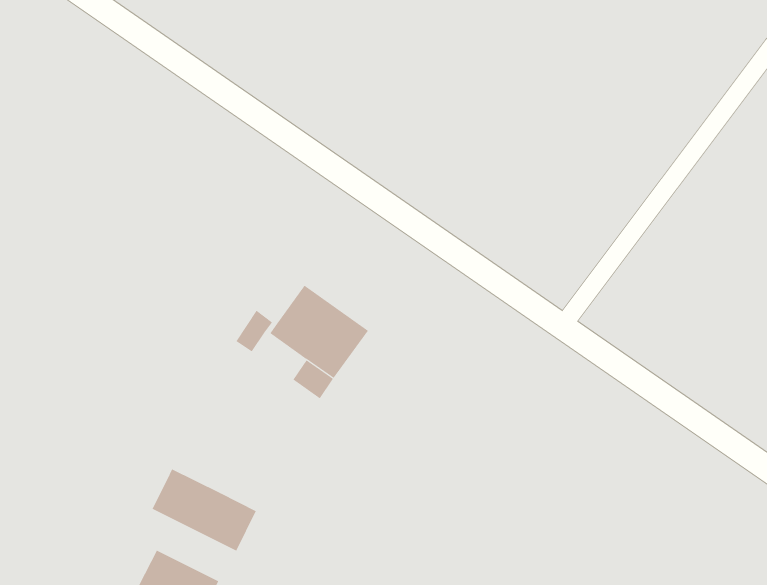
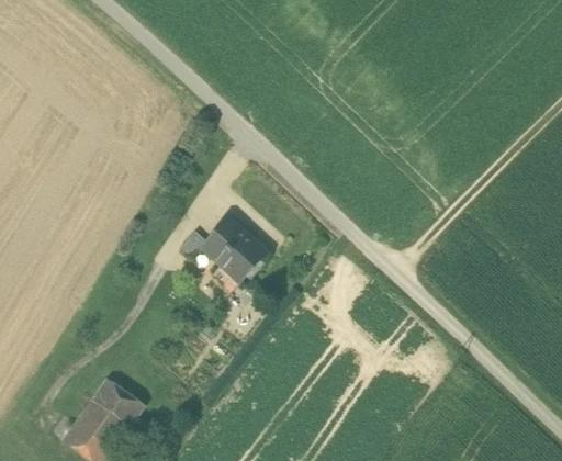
building: [152,468,256,552] -> none

